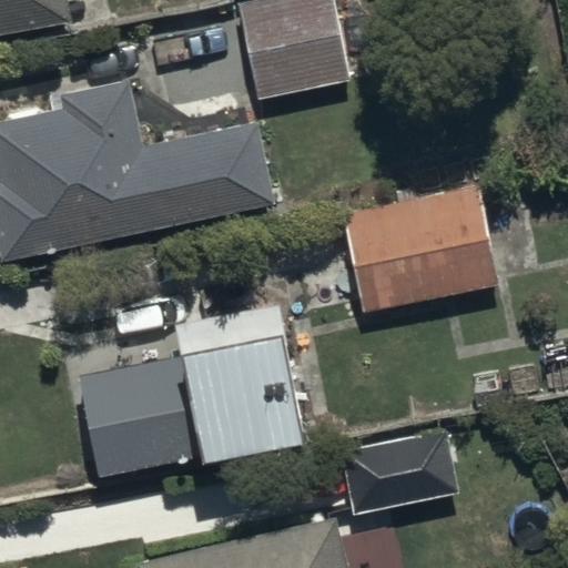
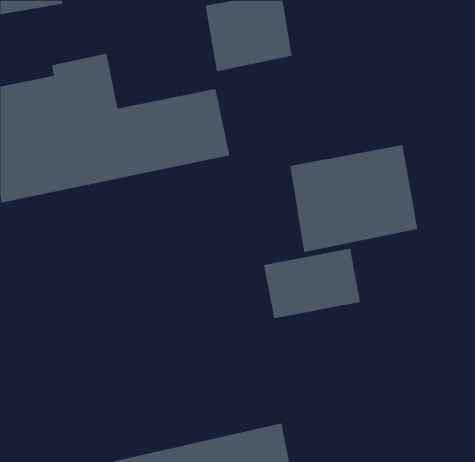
building: [74,314,302,474] -> none
building: [339,432,456,516] -> [263,248,361,319]

